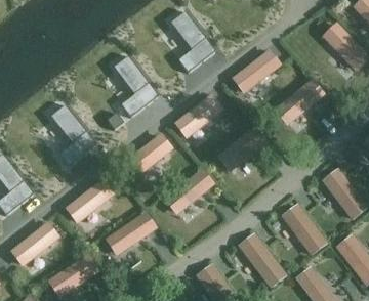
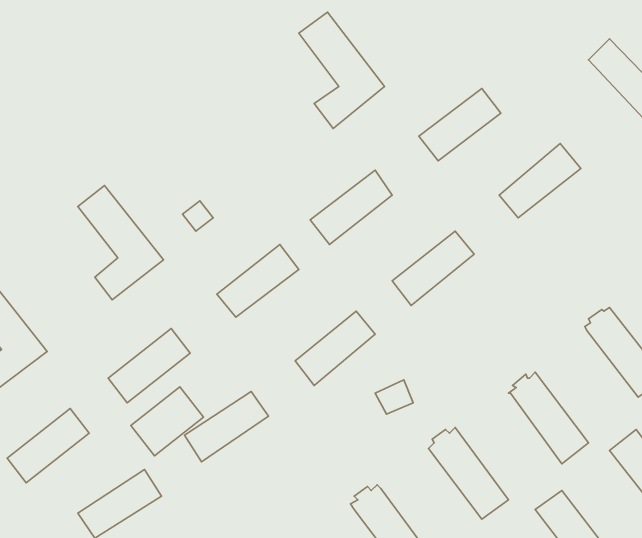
building: [113,55,158,117] -> none
building: none -> [131,387,204,456]

